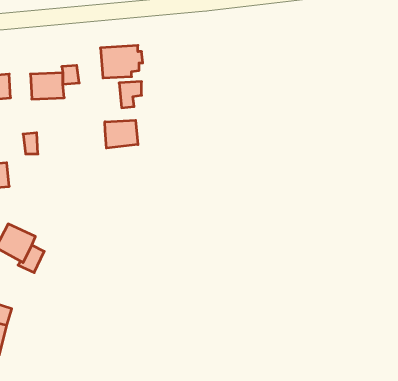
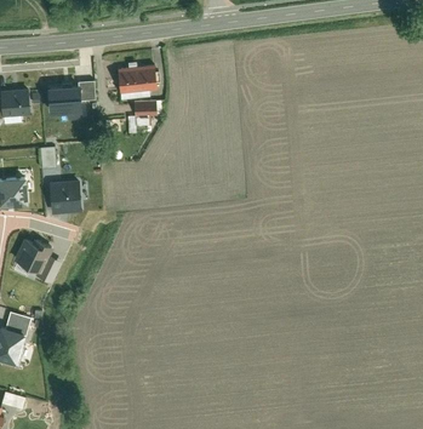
building: [105,120,138,148] -> none
building: none -> [50,182,86,213]

